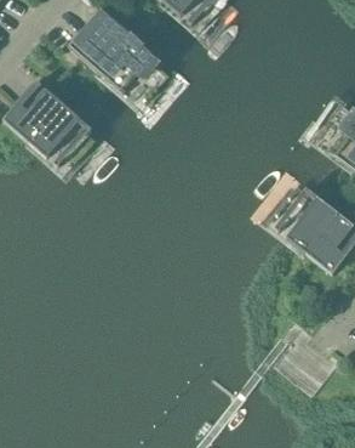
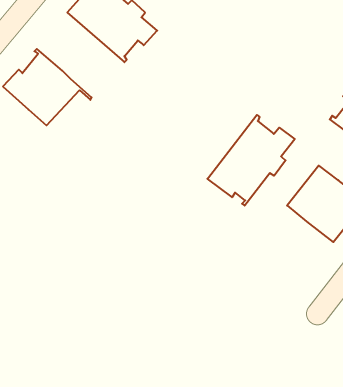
building: none -> [207,115,295,206]

